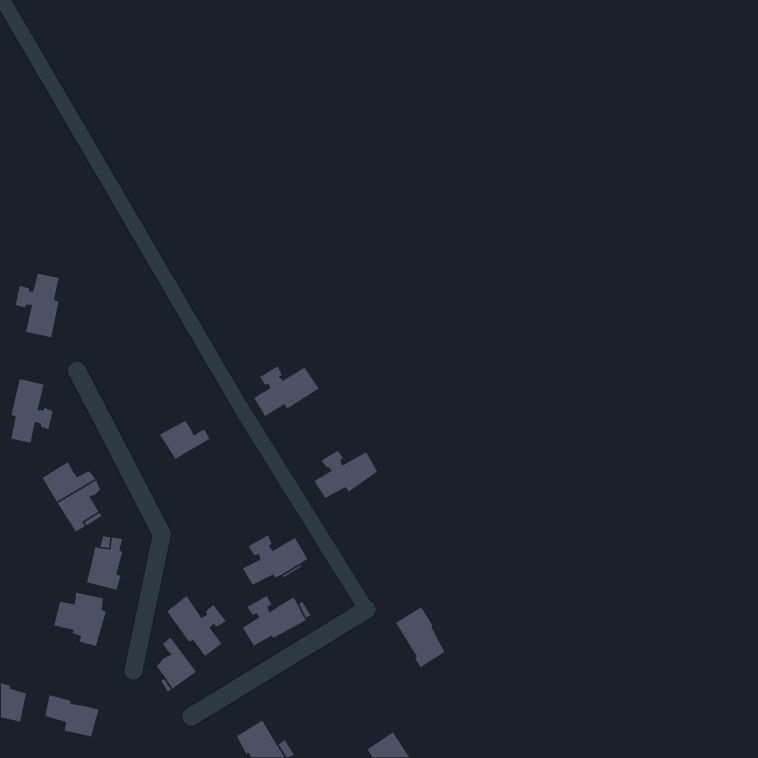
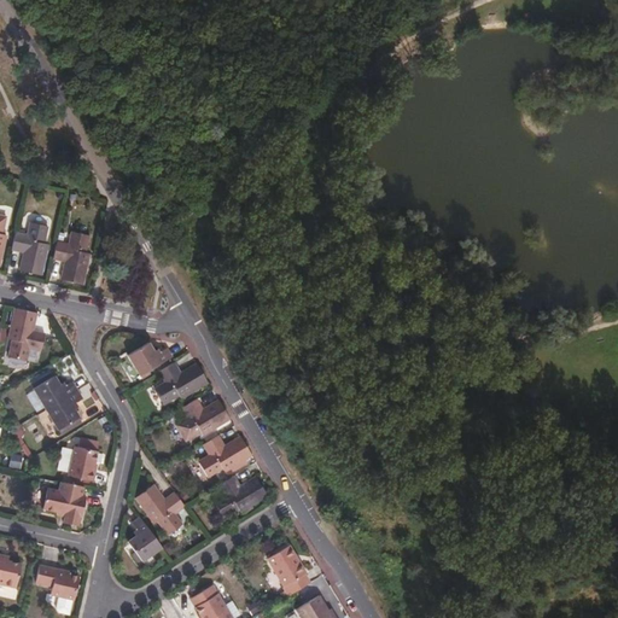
building: none -> [54,231,91,284]
building: [253,365,320,417] -> [154,362,209,404]
building: [313,450,378,499] -> [176,400,229,439]
building: [395,606,445,668] -> [267,544,308,595]

